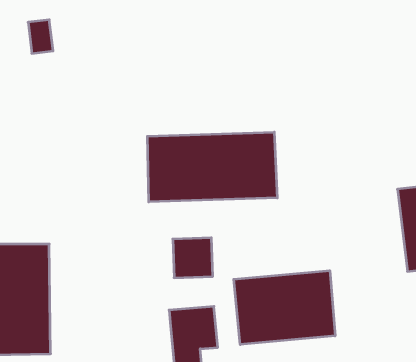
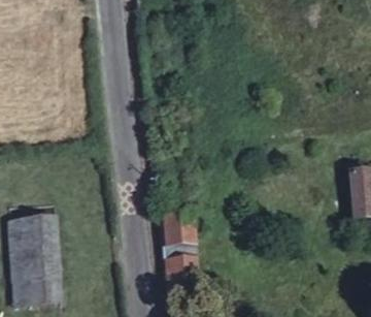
building: [147,132,277,202] -> none
building: [234,271,335,345] -> none

